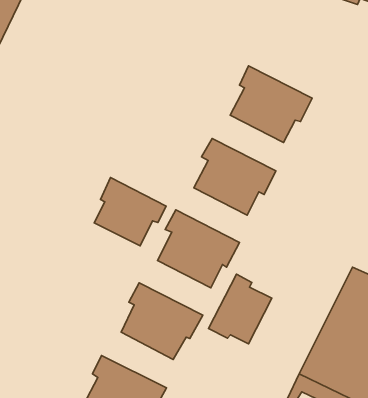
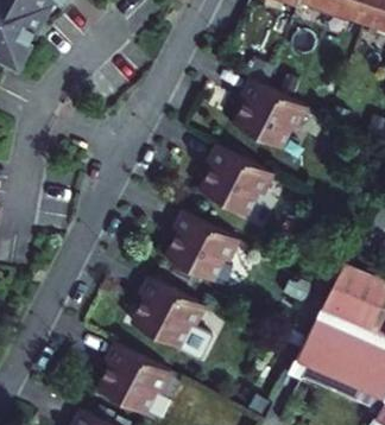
building: [94,177,166,246] -> none
building: [209,274,272,344] -> none

